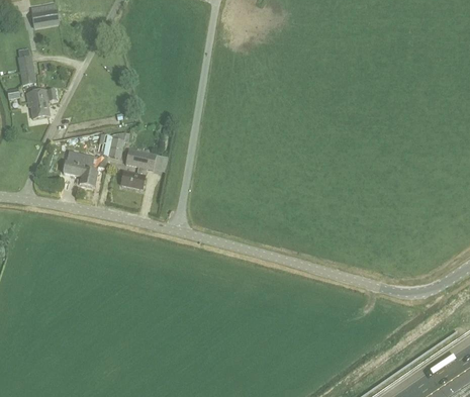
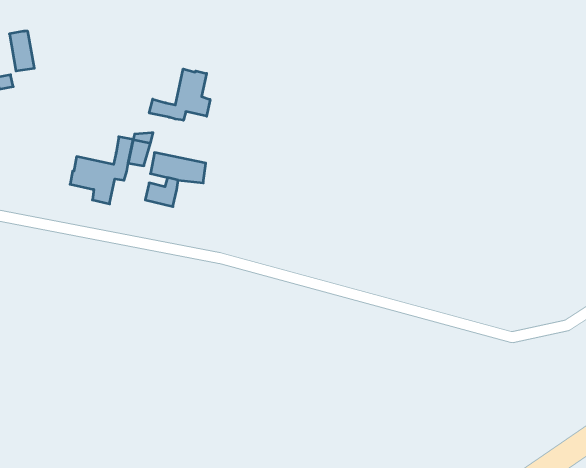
building: none -> [149,69,210,120]
building: [26,88,56,118] -> none

